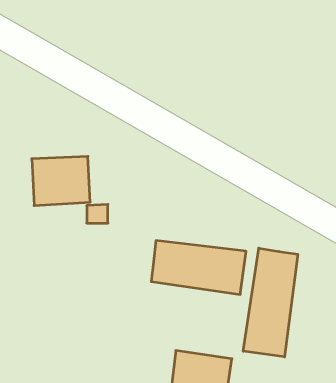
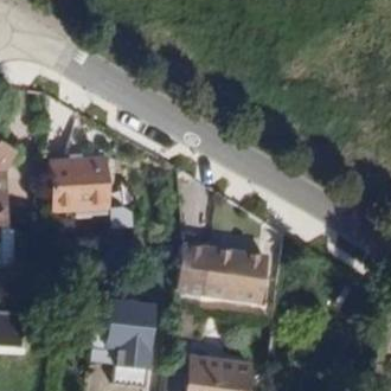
building: [243,248,298,357] -> none
building: none -> [95,301,152,373]

